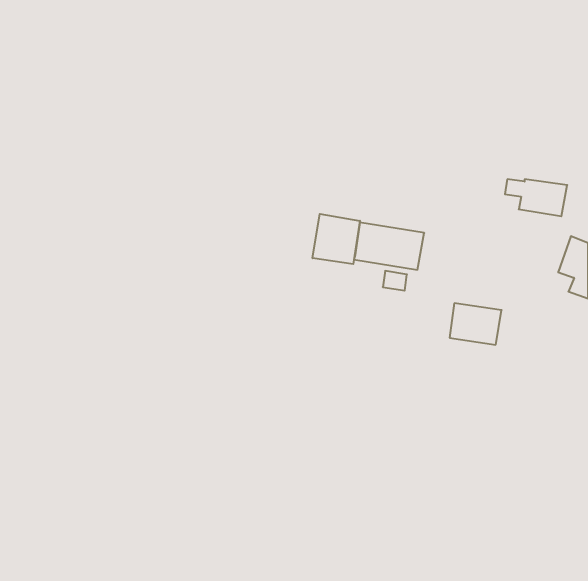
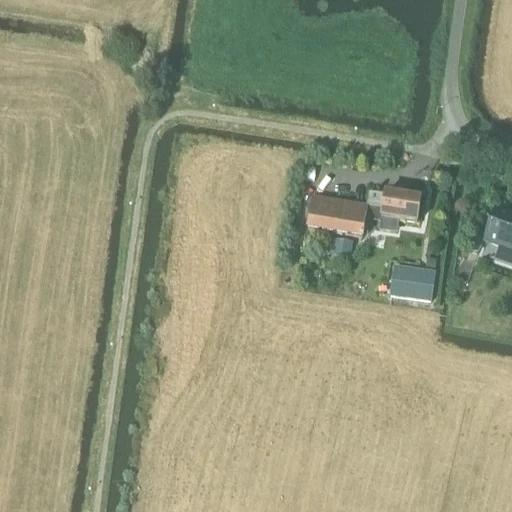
building: [505,179,567,216] -> [367,188,421,220]
building: [313,214,360,264] -> none

